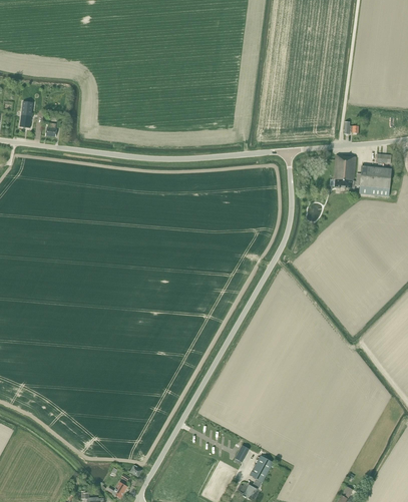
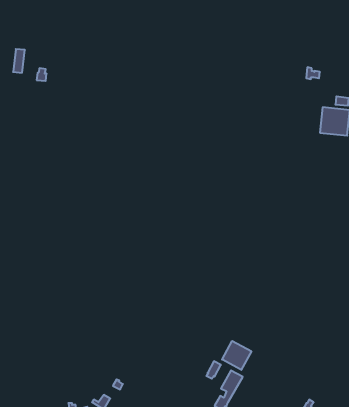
building: [333,154,355,188] -> none
building: none -> [222,341,251,370]

